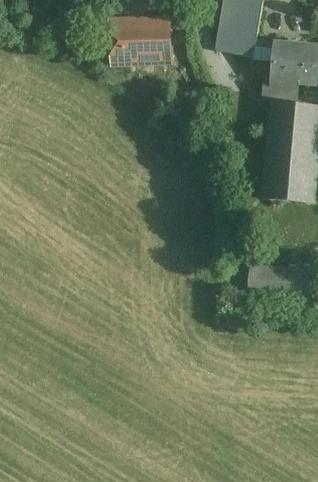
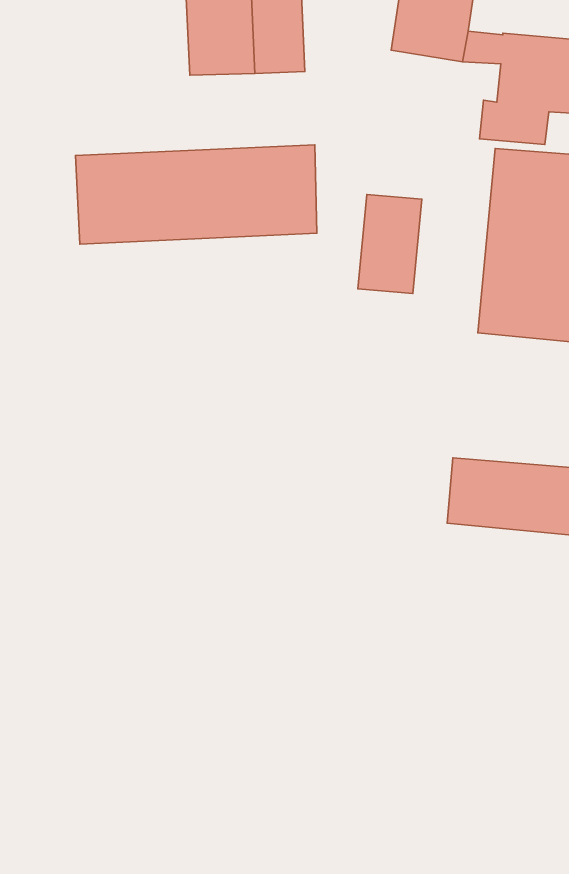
building: none -> [75,145,317,244]
building: none -> [358,194,422,294]

